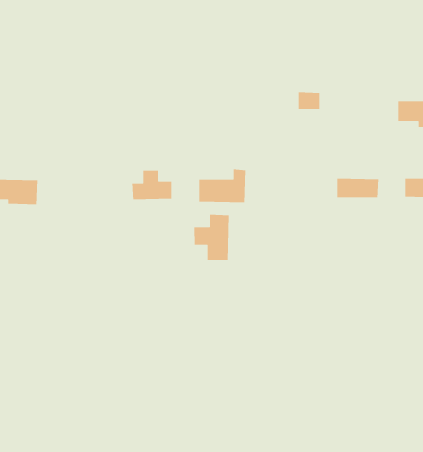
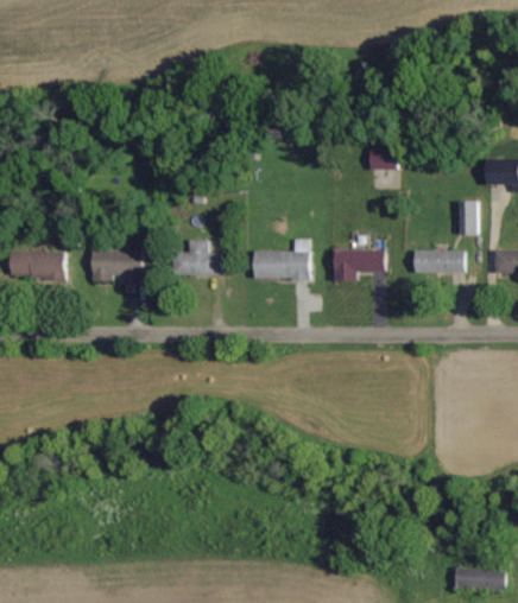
building: none -> [459,201,478,234]
building: none -> [91,249,143,280]
building: none -> [334,249,384,280]
building: [194,214,230,261] -> none

